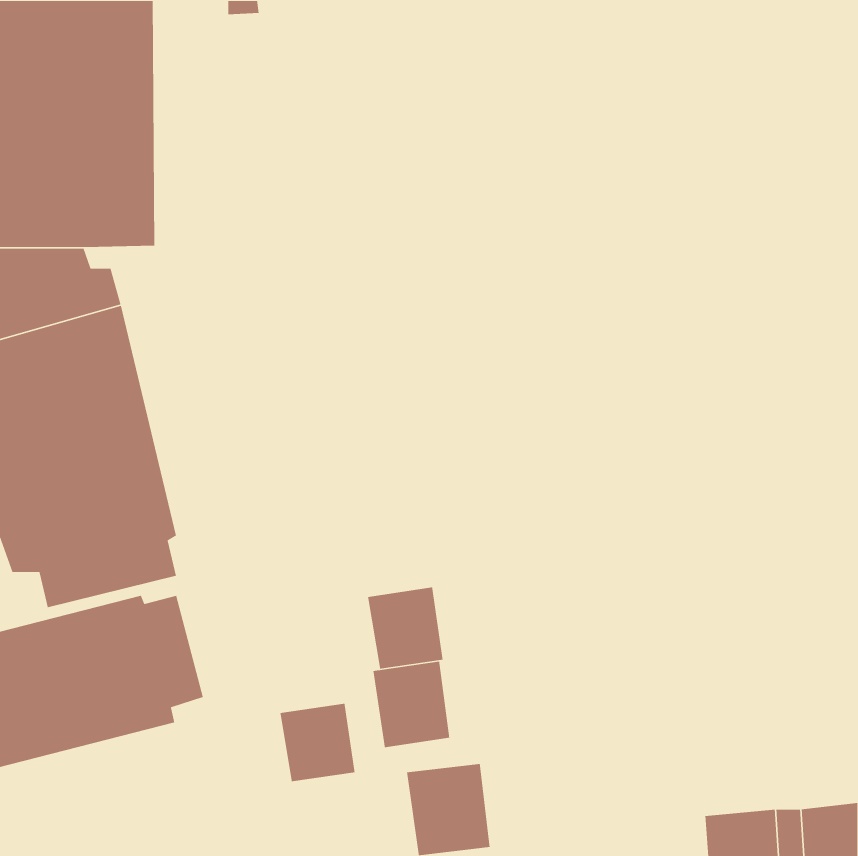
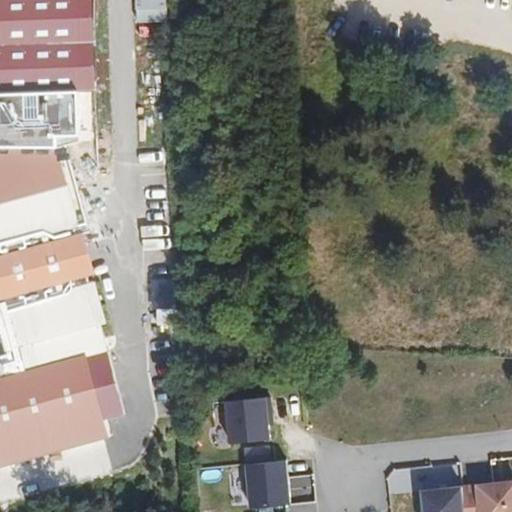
building: [367,587,444,669] -> none
building: [279,703,355,782] -> none

